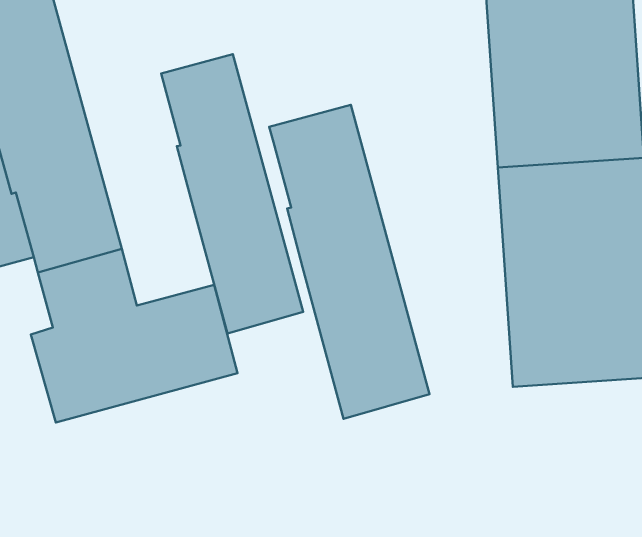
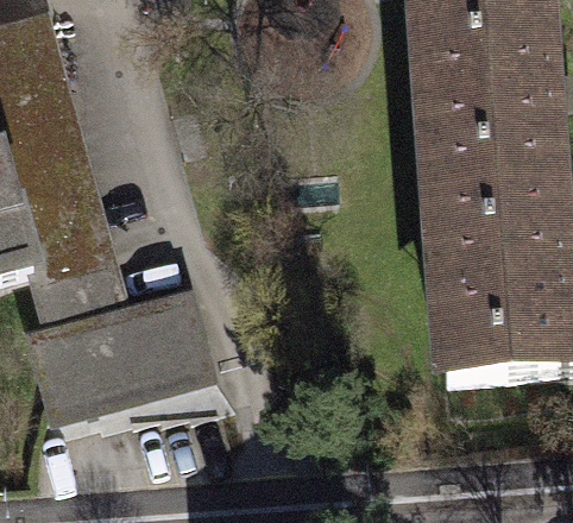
building: [161,54,303,334] -> none
building: [269,105,430,419] -> none

